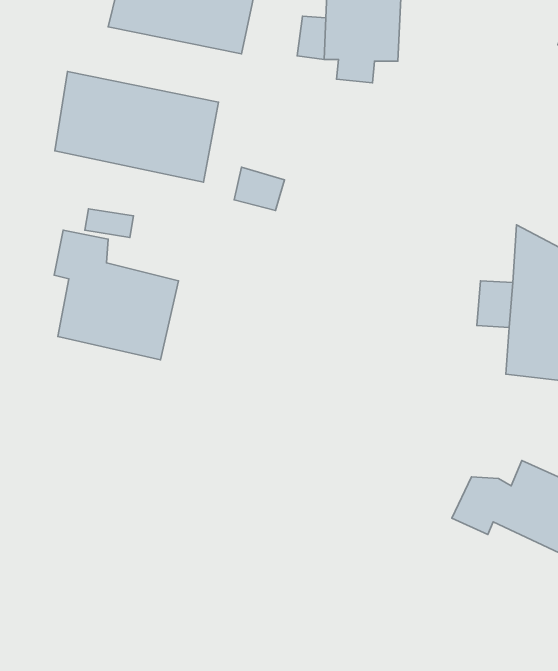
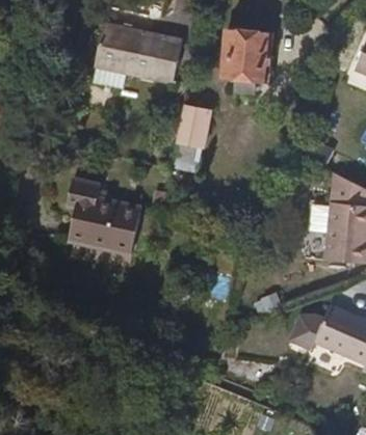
building: [55,72,219,182] -> none
building: none -> [175,107,208,149]

